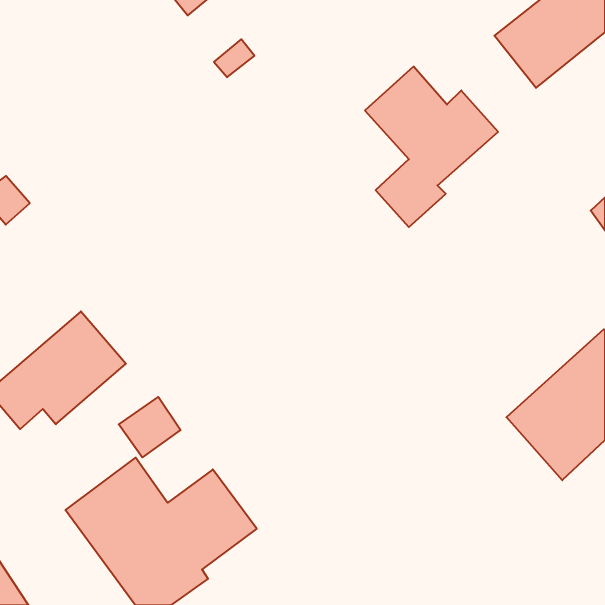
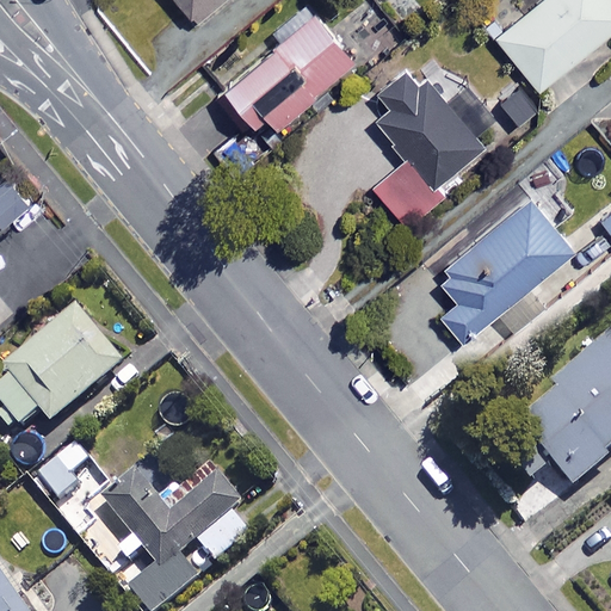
building: none -> [221,12,360,135]
building: none -> [428,191,566,337]
building: [119,397,181,457] -> [36,444,98,505]

